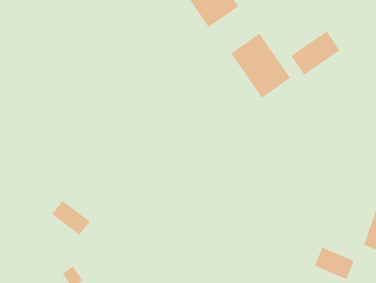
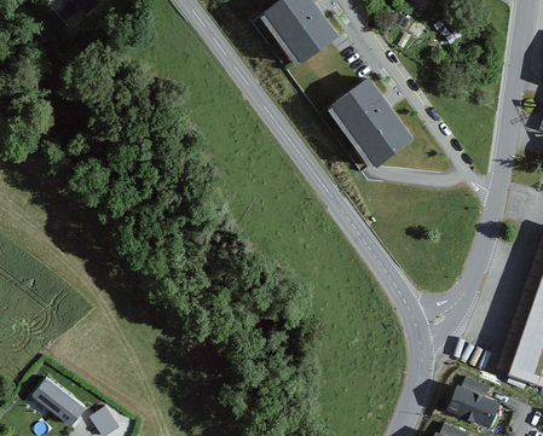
building: [291,30,340,76] -> none
building: [51,200,91,236] -> [28,368,83,418]

